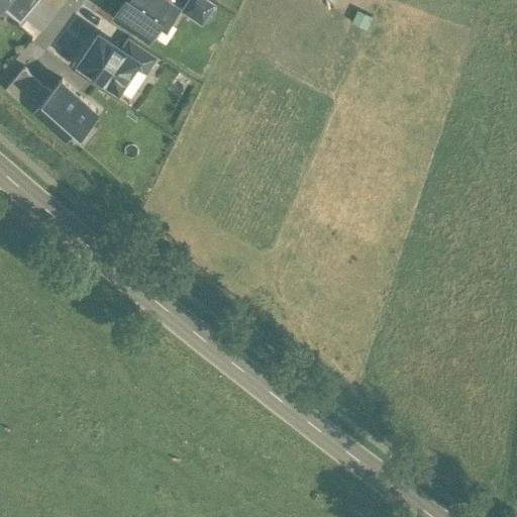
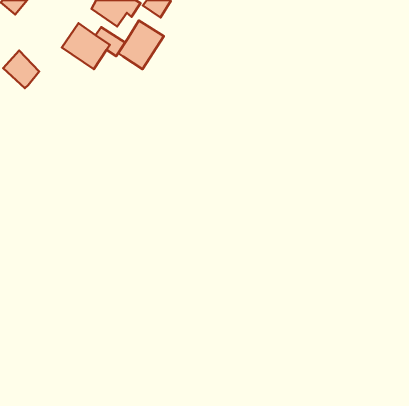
building: none -> [118,20,164,69]
building: [35,82,99,139] -> none

